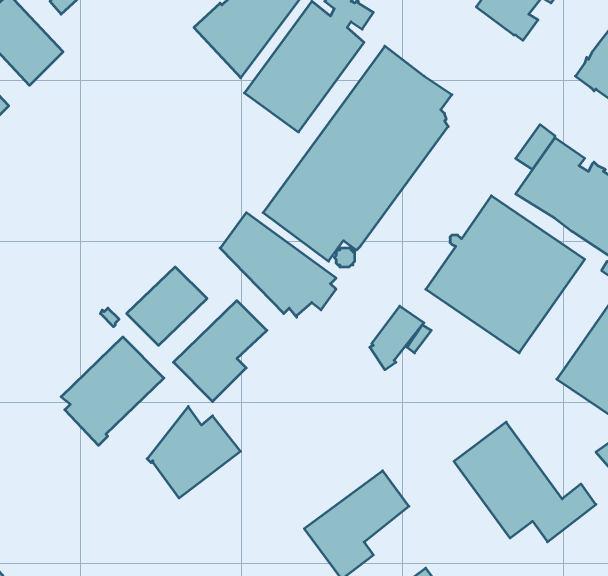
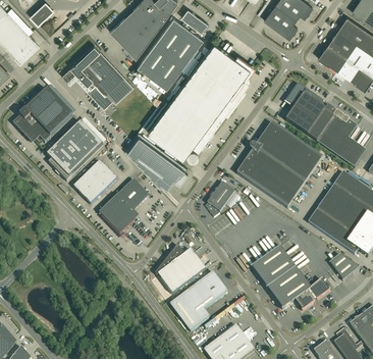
building: none -> [61,44,134,108]
building: none -> [13,89,72,143]
building: [61,337,164,445] -> [47,122,103,182]
building: [147,406,241,498] -> [155,245,206,295]

